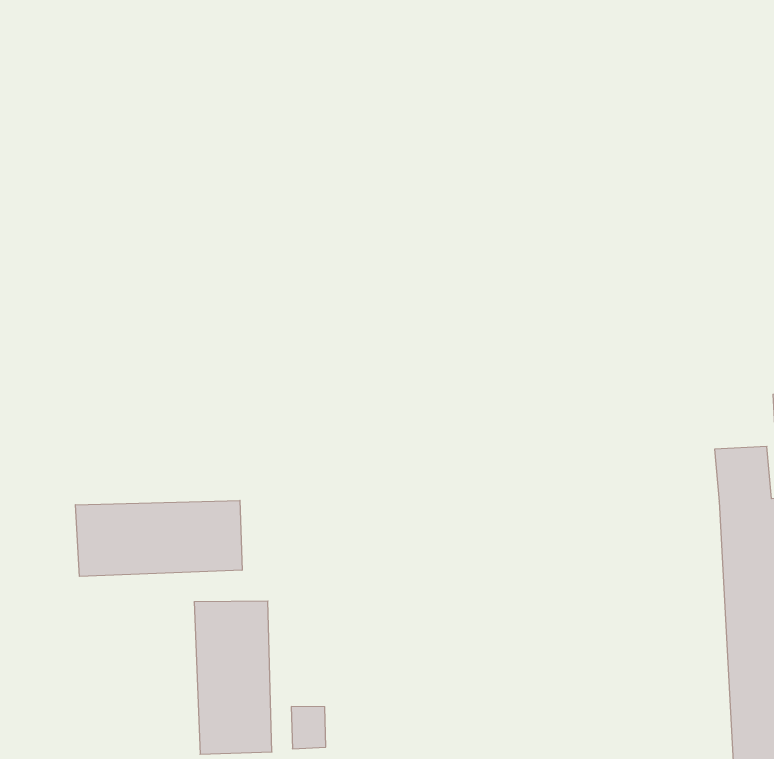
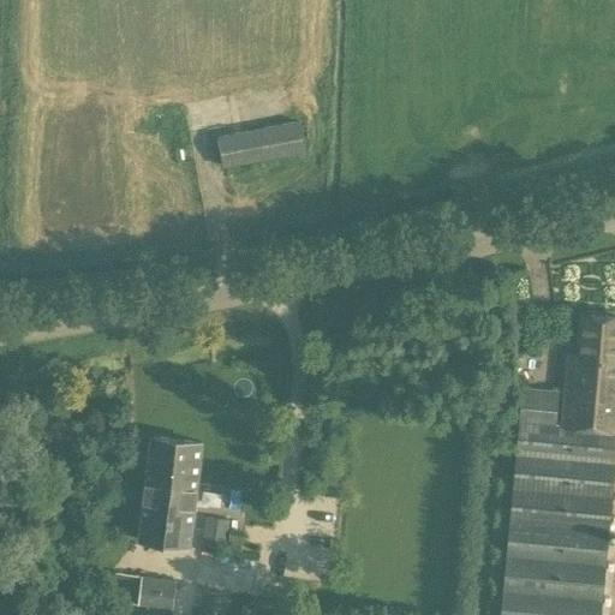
building: none -> [217,123,308,169]
building: [75,500,242,576] -> none

